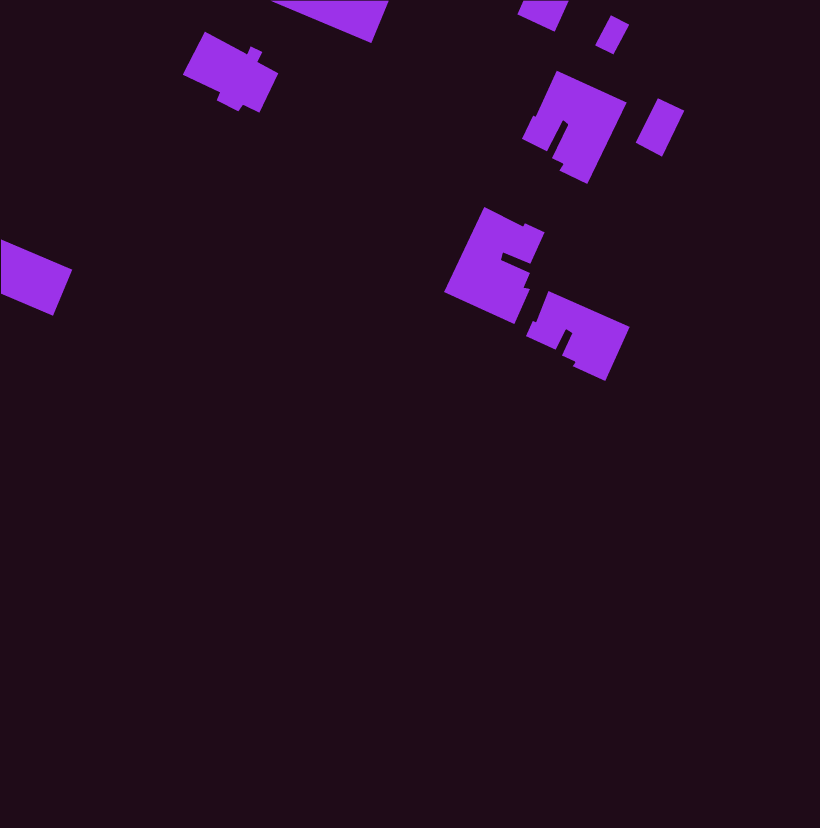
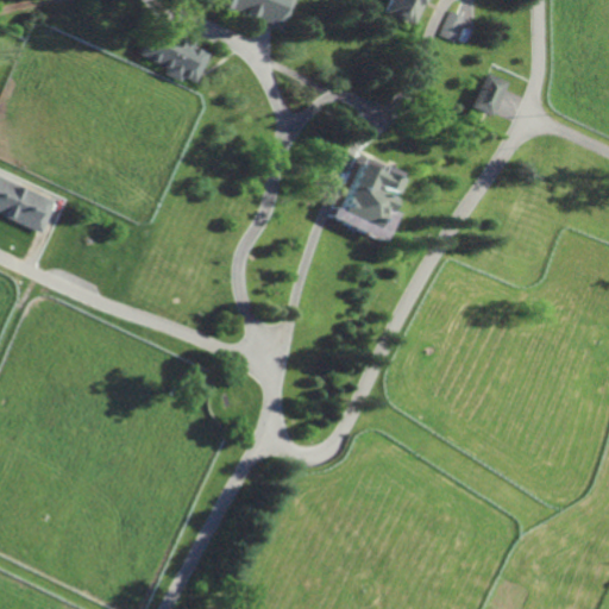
building: [521,70,627,185] -> none
building: [525,290,631,382] -> none

